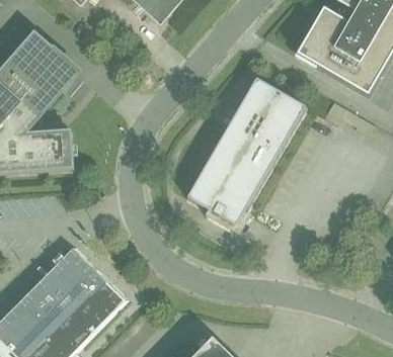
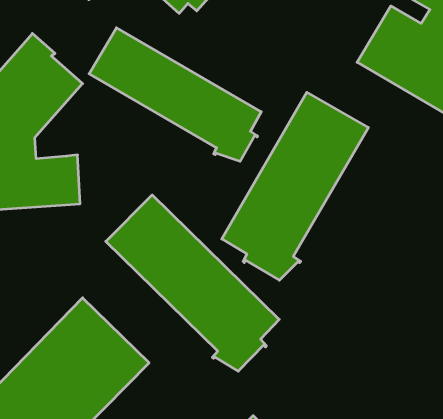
building: none -> [89,28,261,161]
building: none -> [106,195,279,371]

